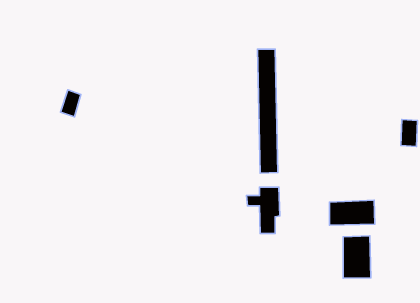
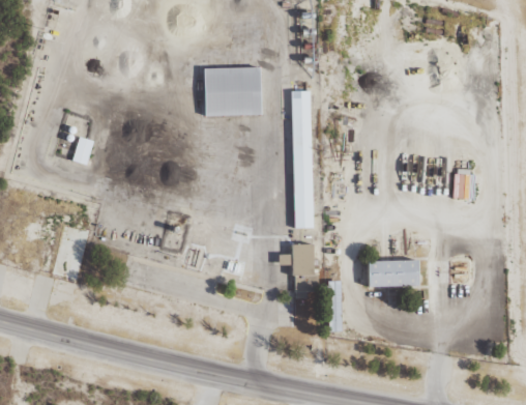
building: none -> [202,67,262,116]
building: [343,236,371,278] -> none

